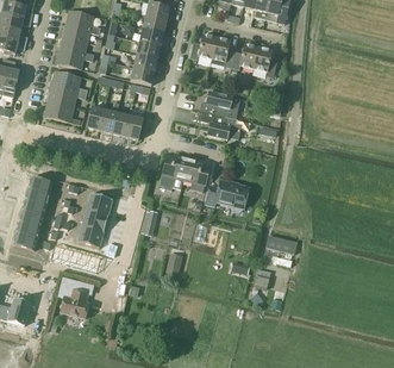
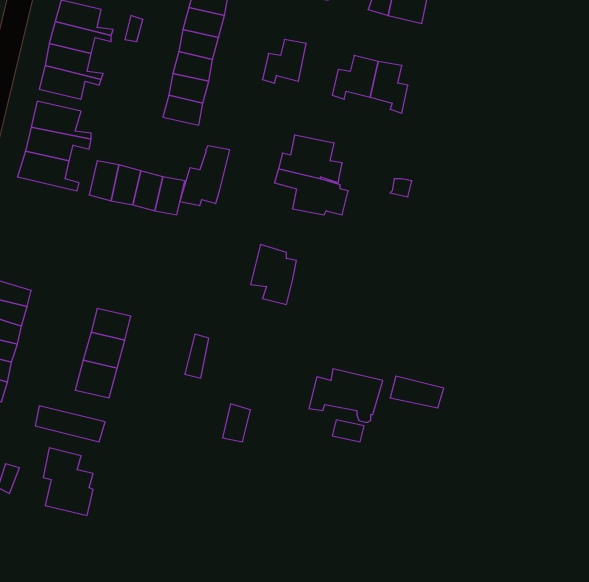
building: [209,36,234,67] -> none
building: [158,154,188,189] -> [180,146,230,206]
building: [205,180,249,212] -> [309,369,383,422]

